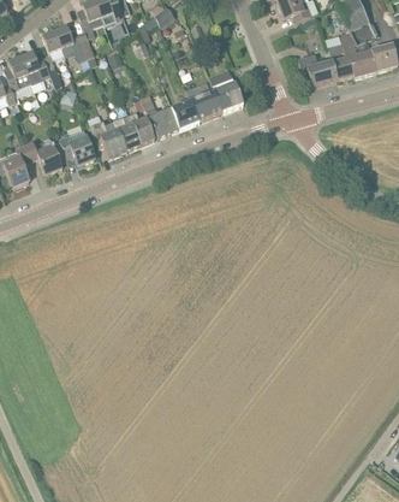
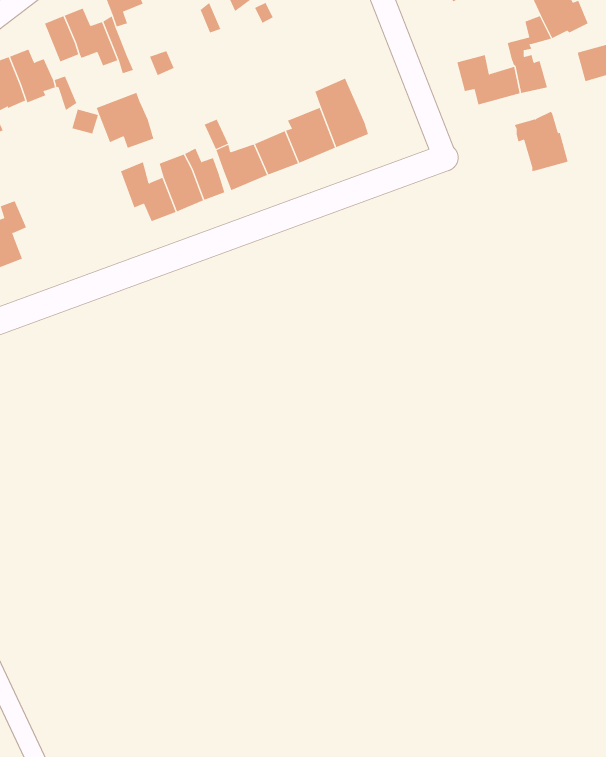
building: [343,39,376,76] -> [514,111,568,171]
building: [58,129,94,164] -> [96,92,154,149]
building: [24,141,62,173] -> none

